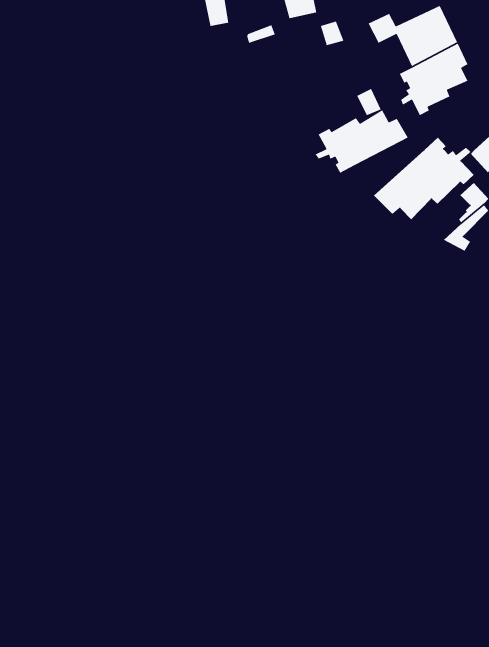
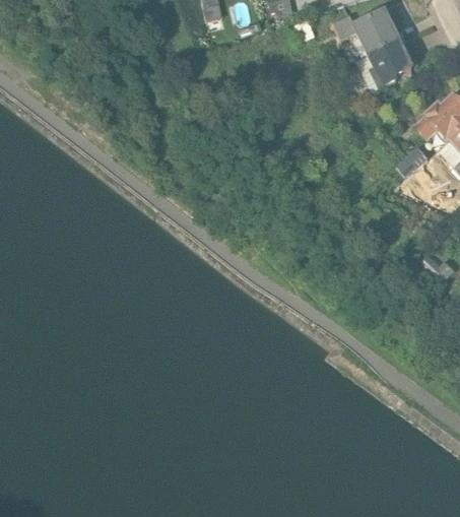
building: [315,109,409,174] -> none
building: [373,137,475,220] -> none

